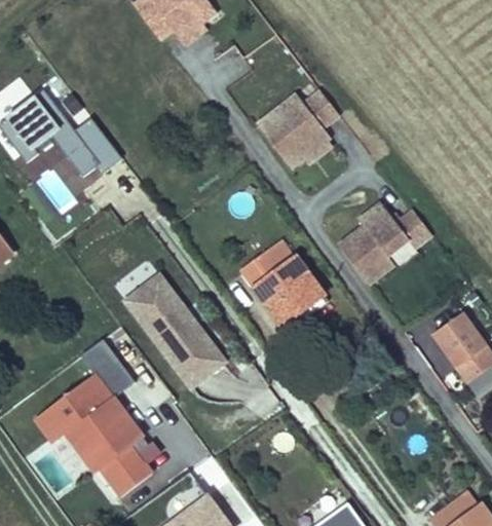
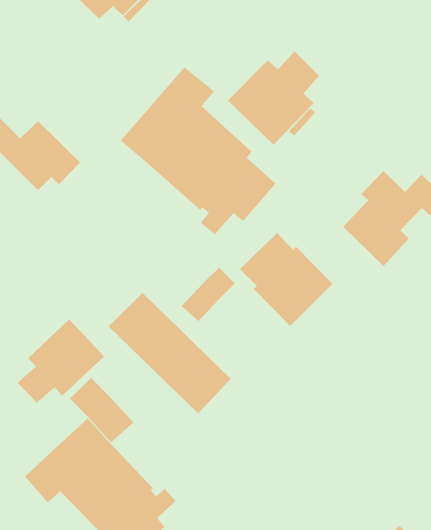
building: none -> [120,67,276,235]
building: none -> [181,267,236,322]
building: none -> [17,318,105,404]

